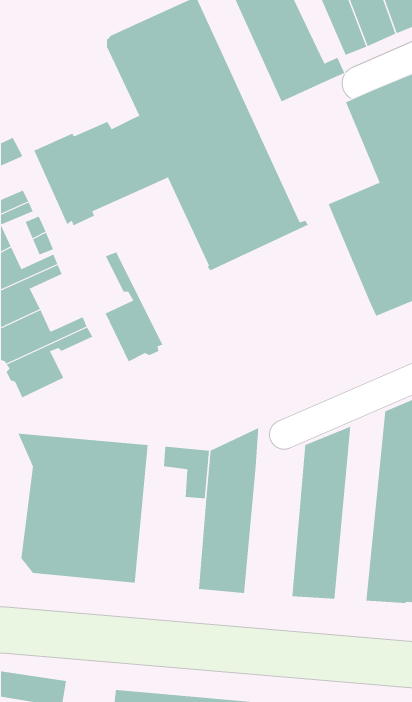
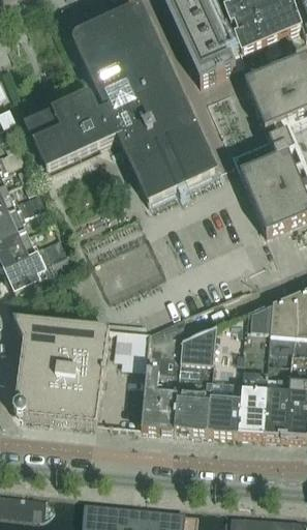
building: [105,252,163,362] -> none
building: none -> [238,300,273,435]
building: none -> [174,324,216,432]

